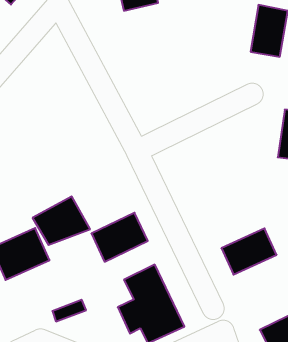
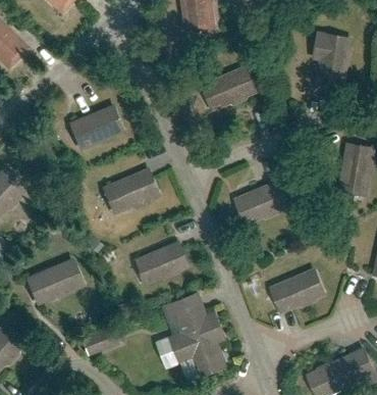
building: none -> [198,64,257,111]
building: none -> [70,103,126,151]
building: none -> [233,179,293,227]
building: [33,196,90,245] -> [104,164,164,214]

